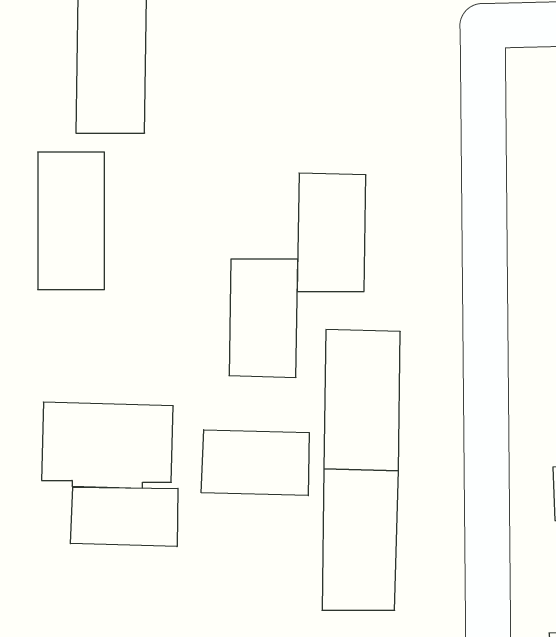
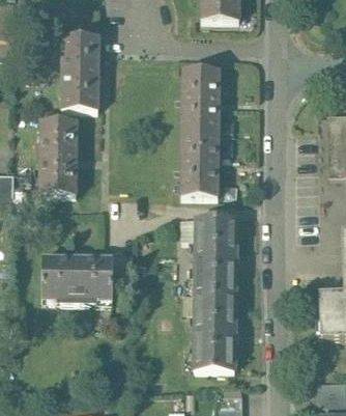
building: [229,259,298,377] -> [181,68,219,133]
building: [201,430,309,496] -> none
building: [70,487,178,547] -> none

